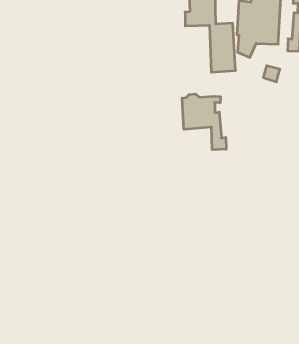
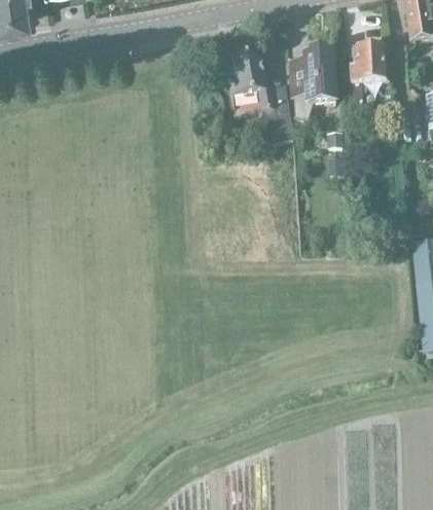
building: [182,94,226,150] -> none

